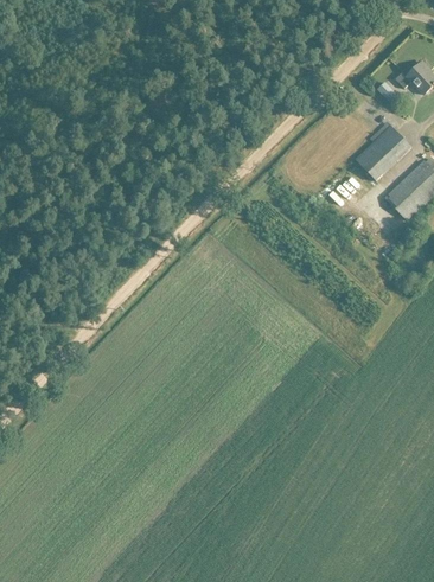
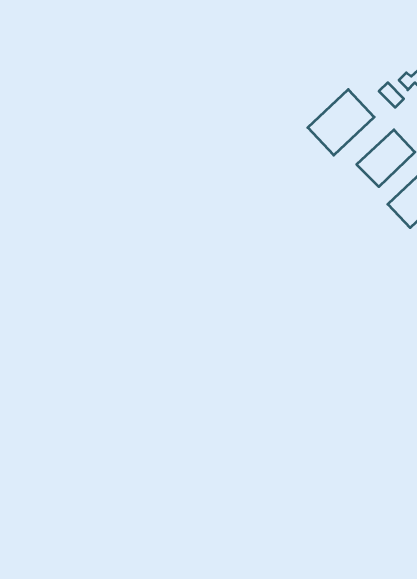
building: none -> [308,89,374,155]

